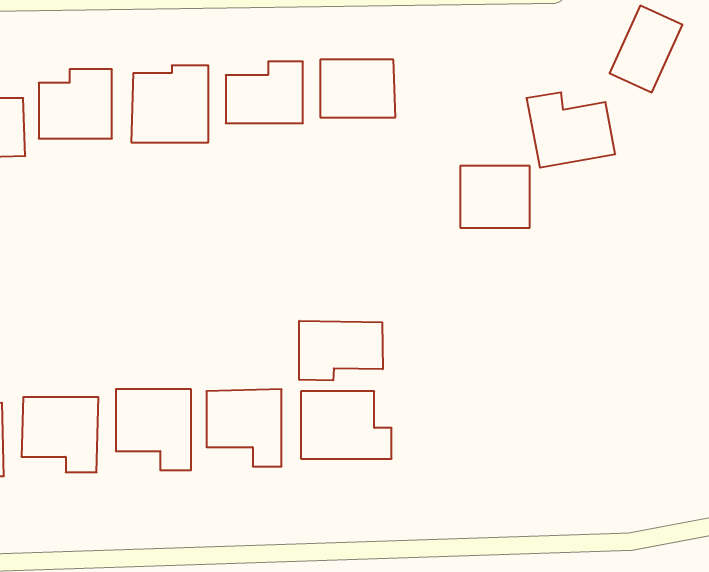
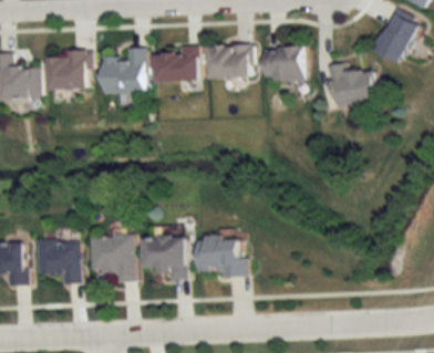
building: [460,166,530,228] -> [265,46,304,82]
building: [299,321,383,380] -> none

